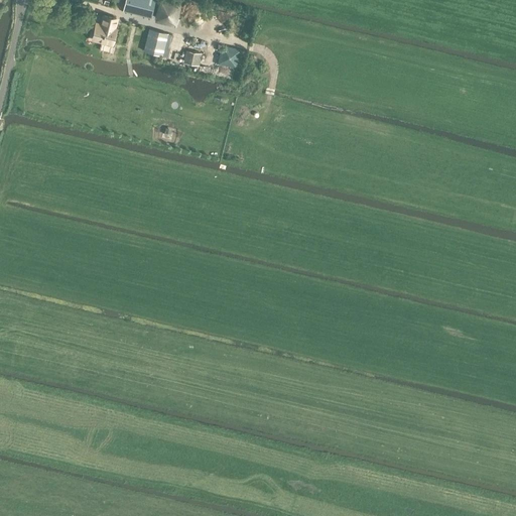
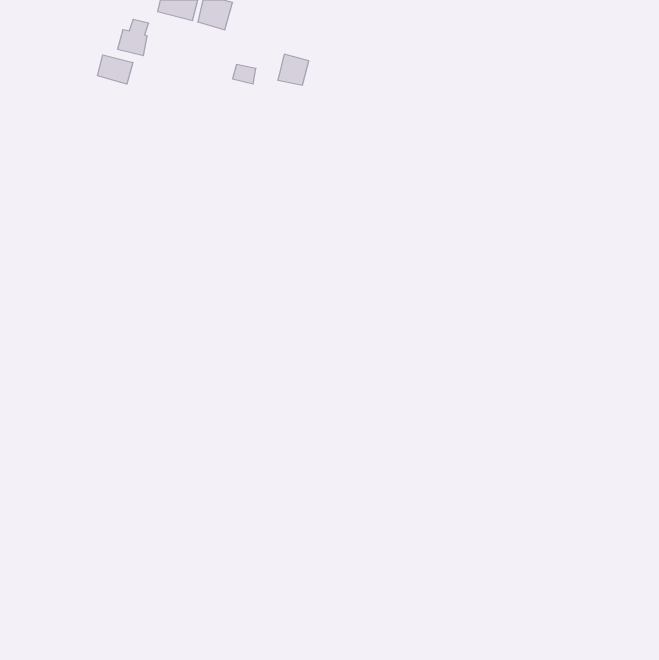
building: [143,28,166,55] -> none
building: none -> [97,55,133,84]

